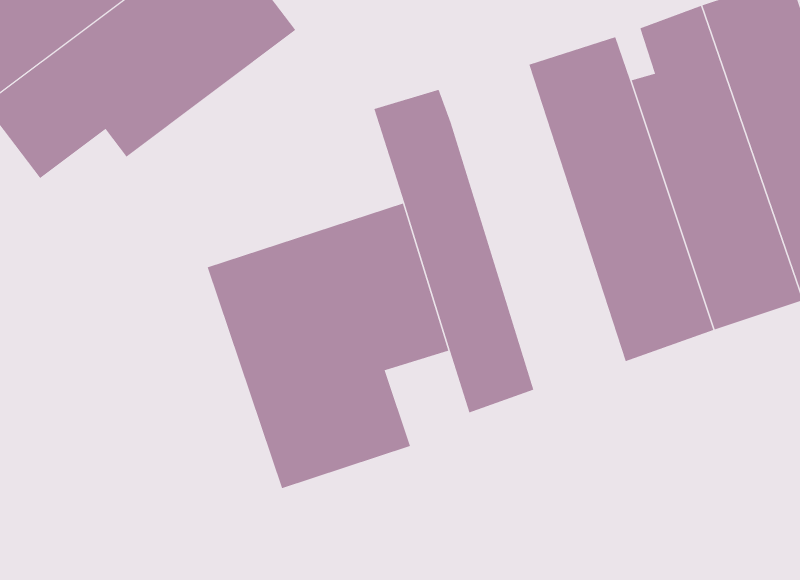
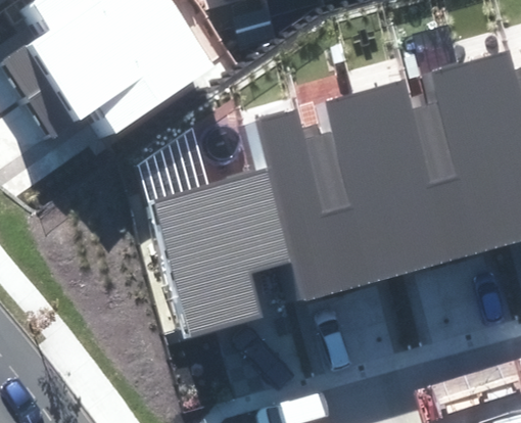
building: none -> [302,95,396,289]

